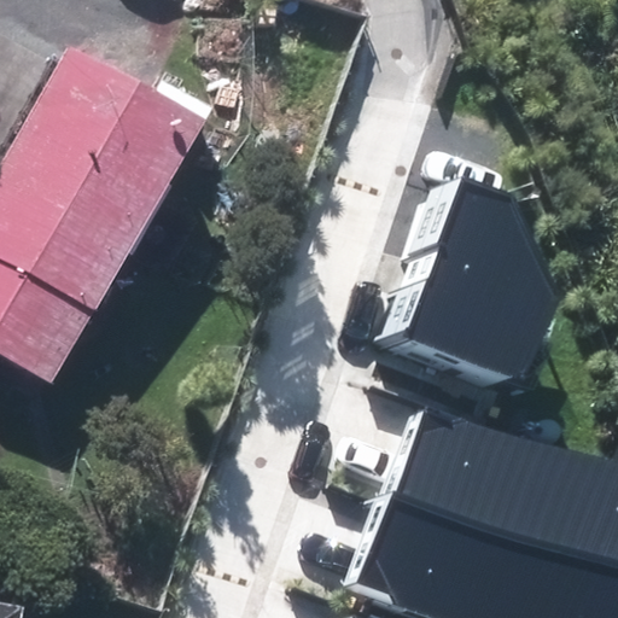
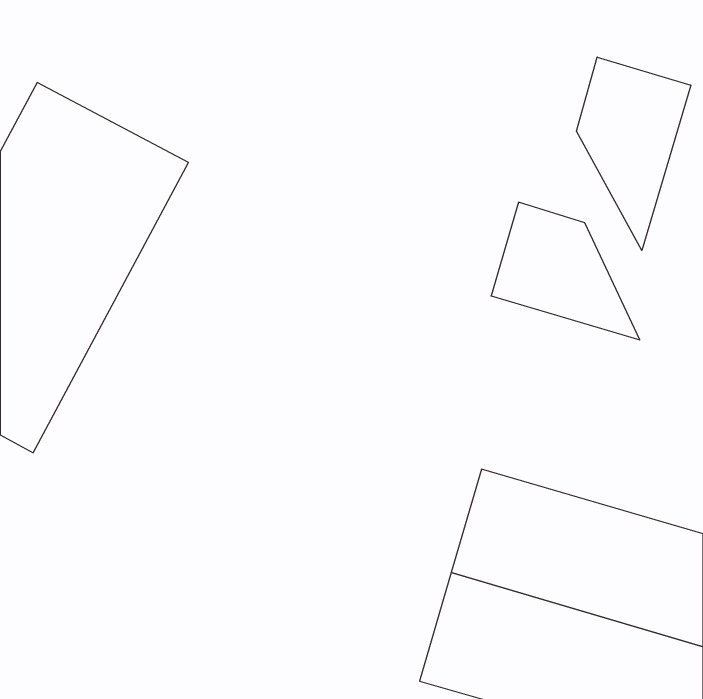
building: none -> [576,57,691,250]
building: [408,263,561,378] -> none

